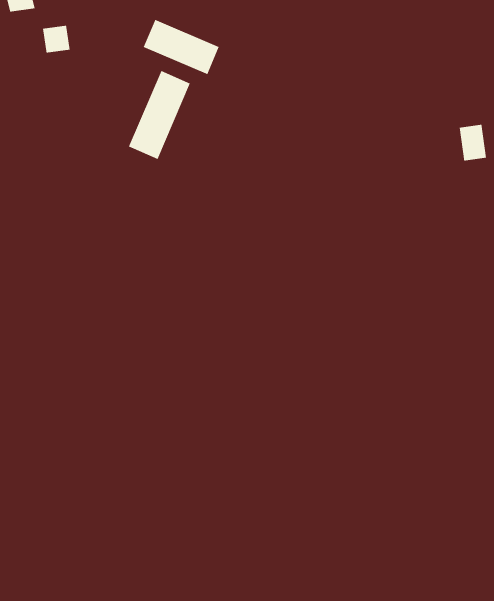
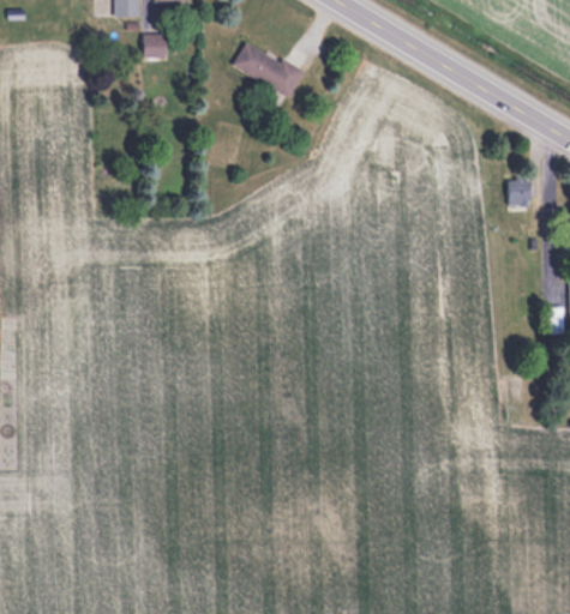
building: [128,70,191,160] -> none

